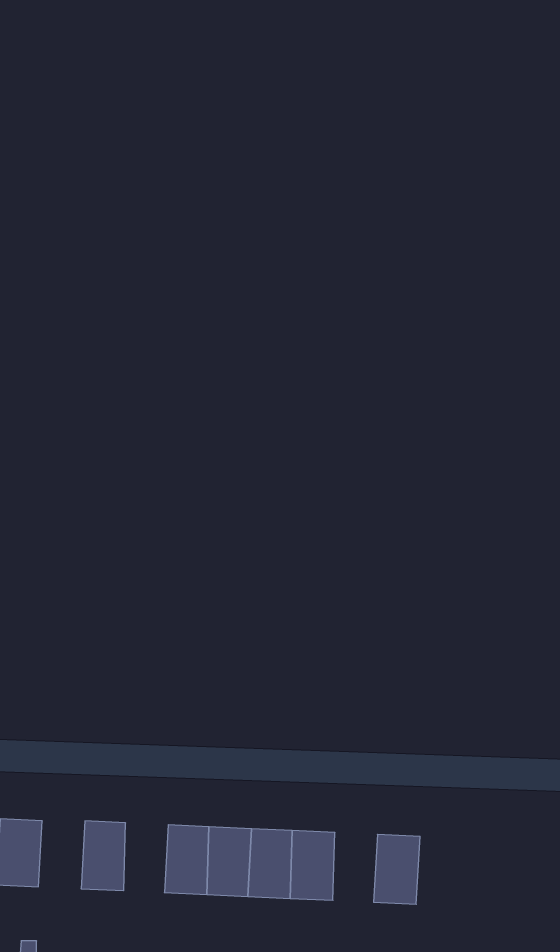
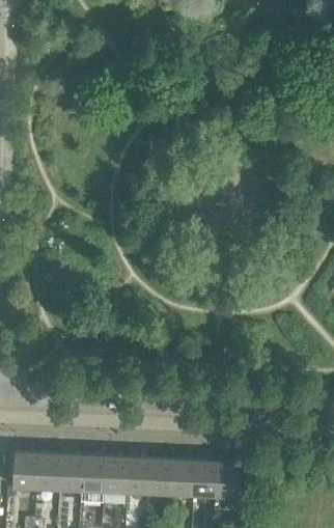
building: none -> [34,454,59,491]
building: none -> [80,455,104,493]
building: none -> [192,461,216,498]

